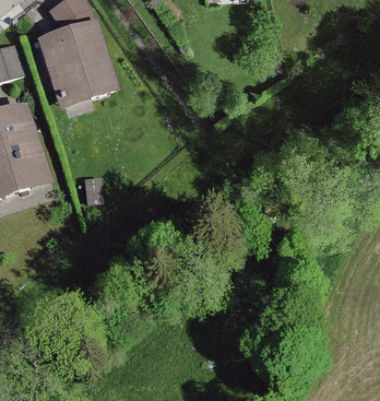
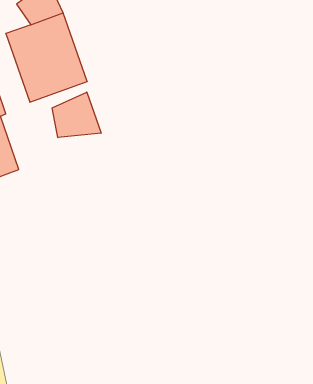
building: none -> [52,92,101,138]

